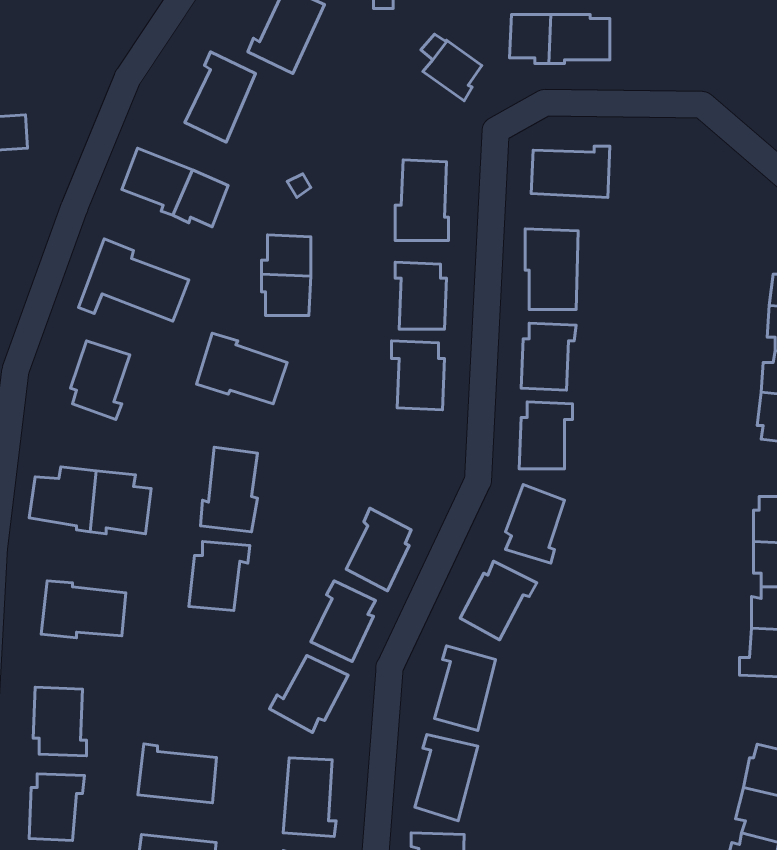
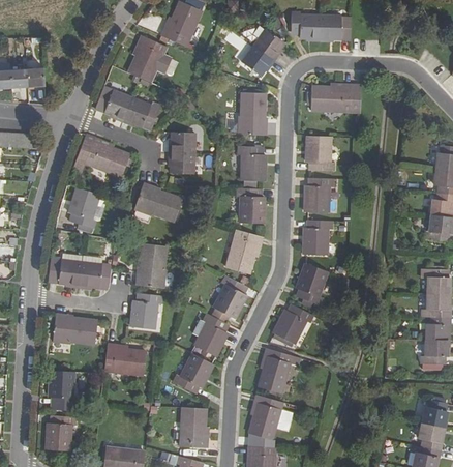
building: none -> [242,46,275,76]
building: none -> [226,230,263,273]
building: [138,744,217,803] -> [104,344,146,375]

